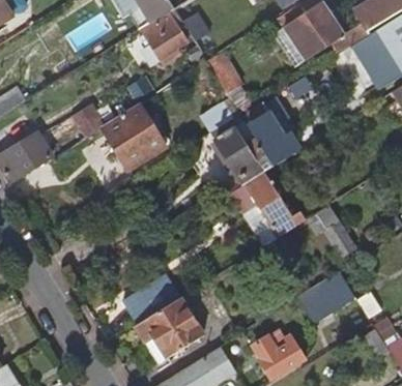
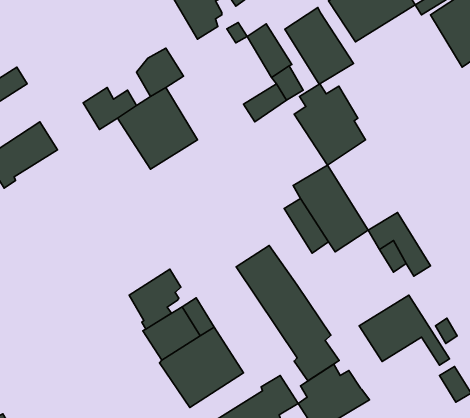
building: [216,120,271,182] -> [285,8,354,84]
building: none -> [236,245,339,381]
building: none -> [129,269,181,329]

